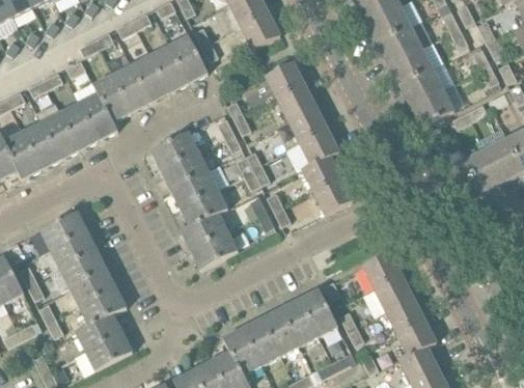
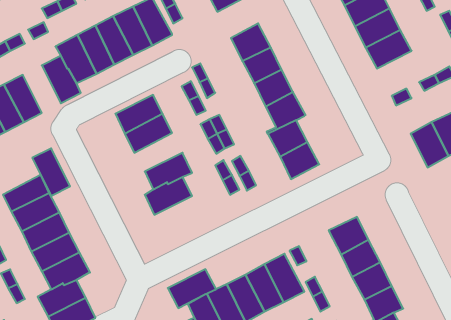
building: [410,88,454,128] -> none
building: [60,103,98,149] -> [32,148,70,196]
building: [170,169,218,207] -> none
building: [190,231,238,270] -> [168,269,216,308]

